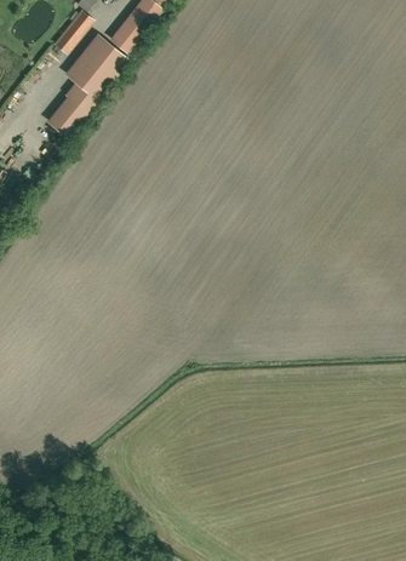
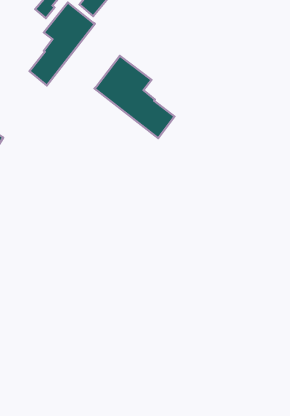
building: none -> [95,56,174,138]

